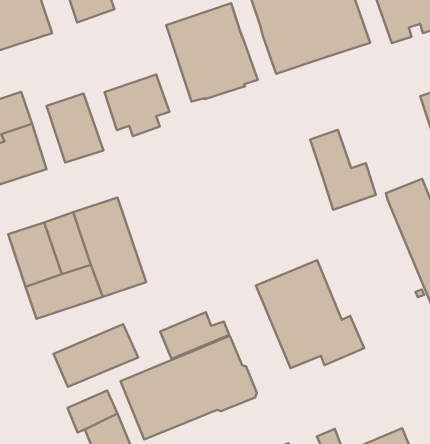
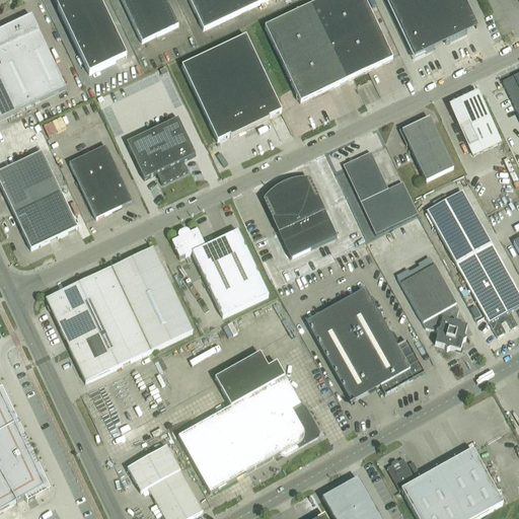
building: none -> [401,115,453,177]
building: none -> [268,182,337,254]
building: none -> [171,226,269,314]
building: none -> [400,263,466,348]
building: [54,324,138,387] -> none

